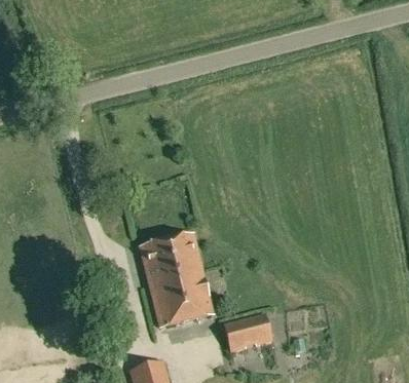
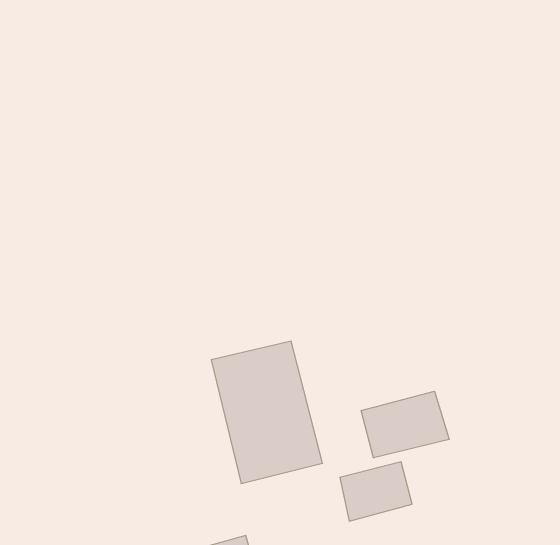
building: none -> [361,391,449,458]

